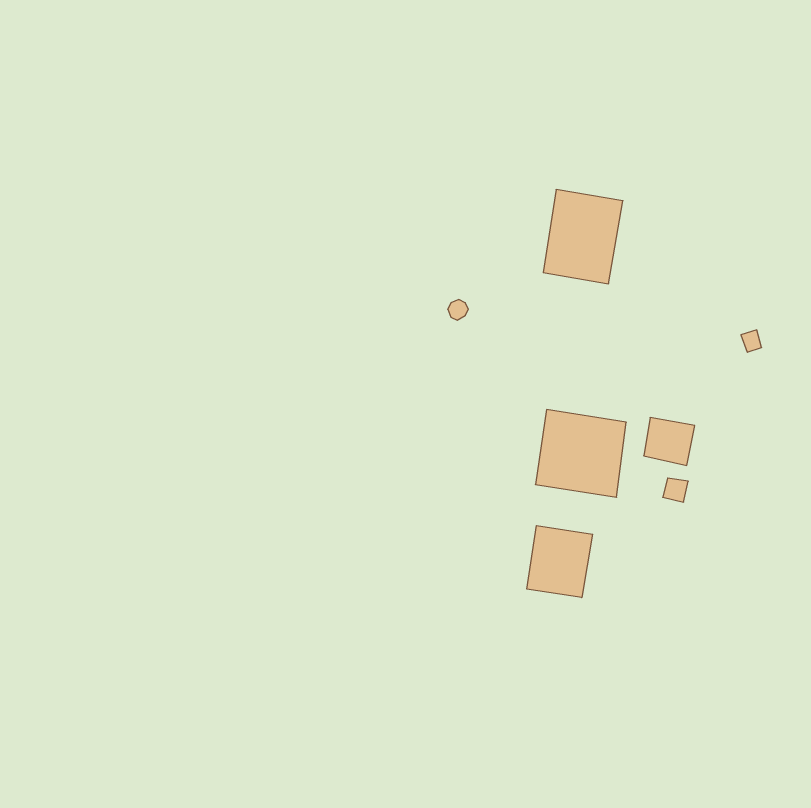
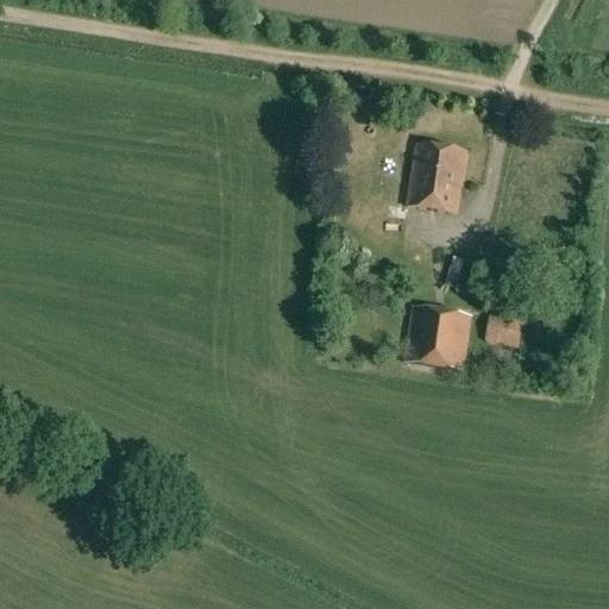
building: [527,526,593,598] -> none

